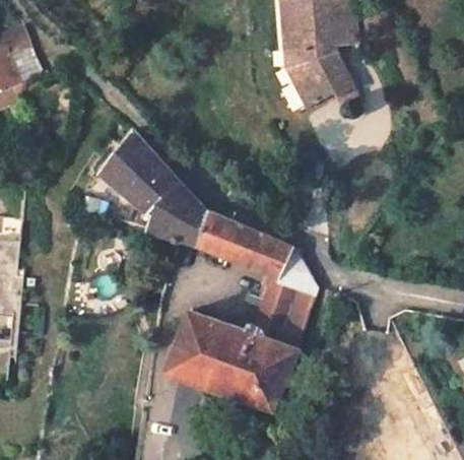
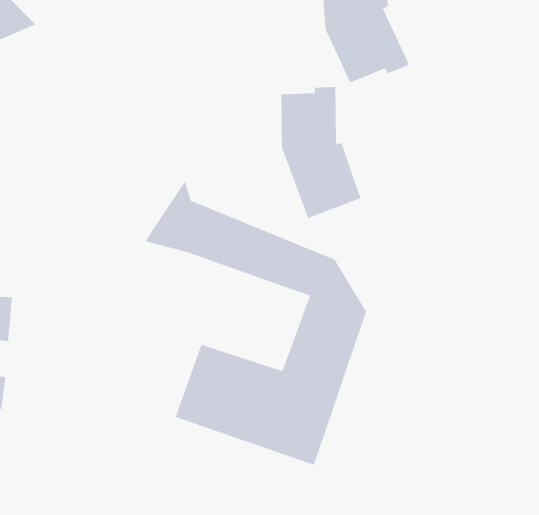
building: none -> [281,86,361,219]
building: [100,131,175,220] -> none

